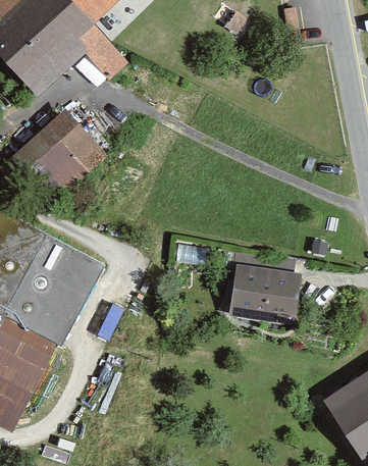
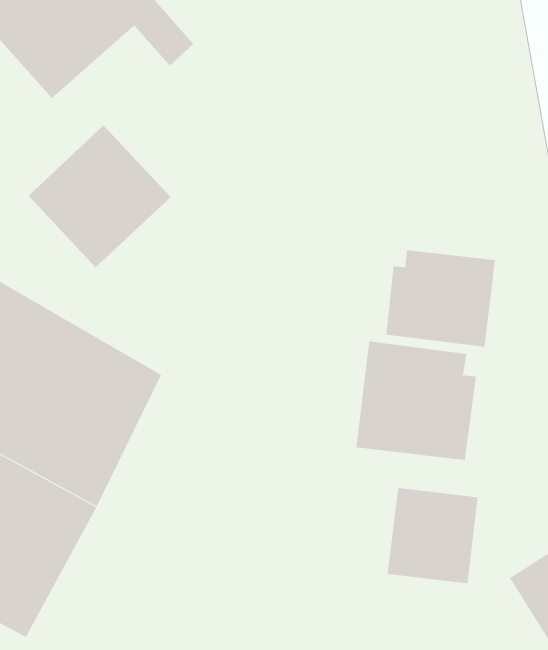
building: none -> [386,249,496,348]
building: none -> [387,487,478,584]

